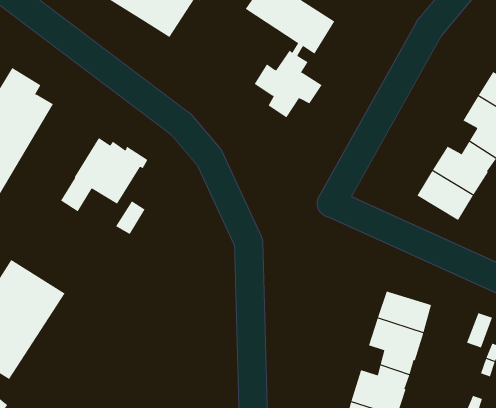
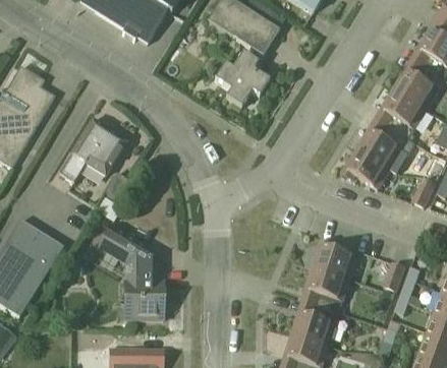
building: none -> [98,224,163,318]

